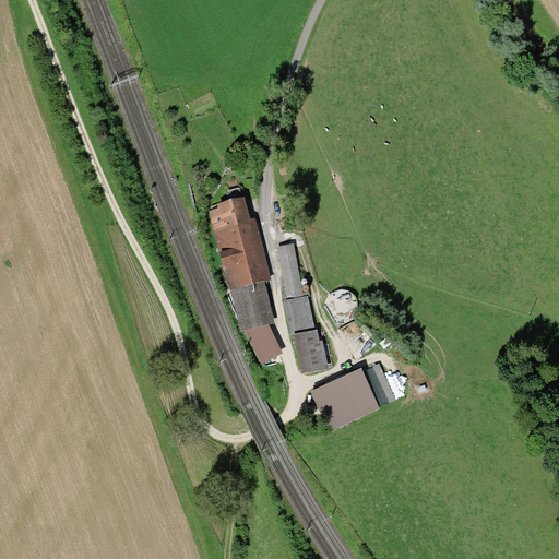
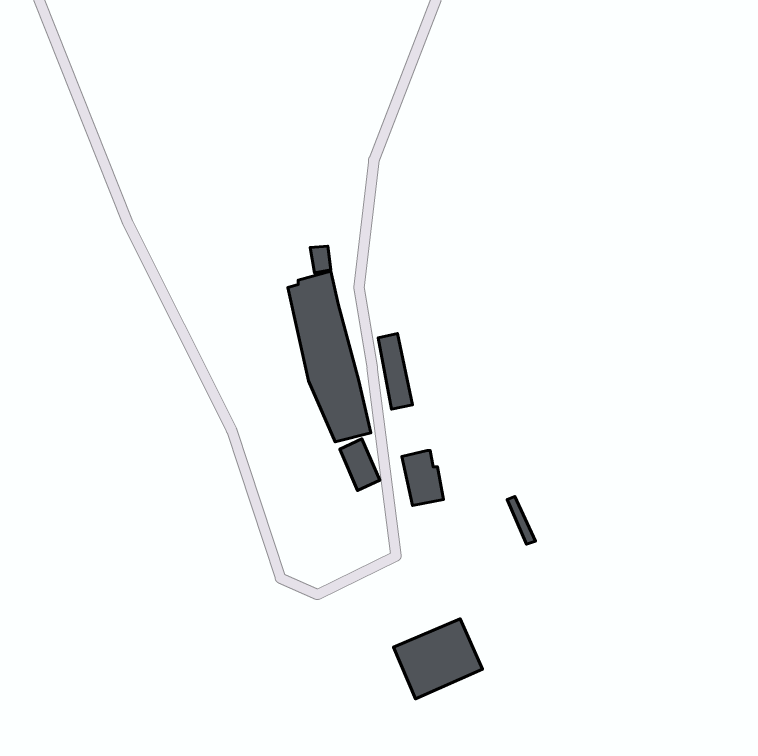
building: [288,297,314,336] -> none
building: [312,370,378,429] -> [393,619,482,699]

